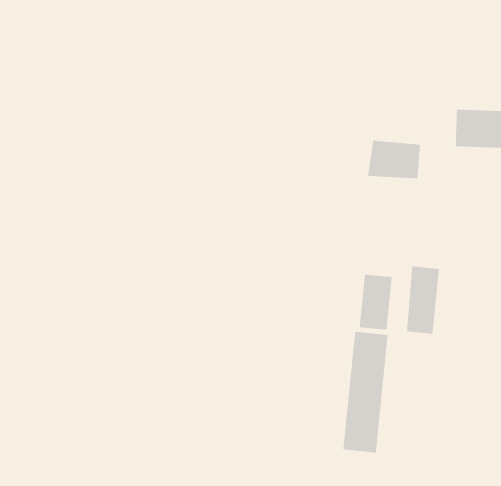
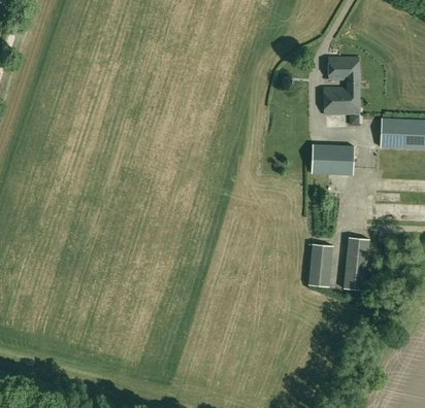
building: none -> [324,58,359,114]
building: [343,331,388,453] -> none

